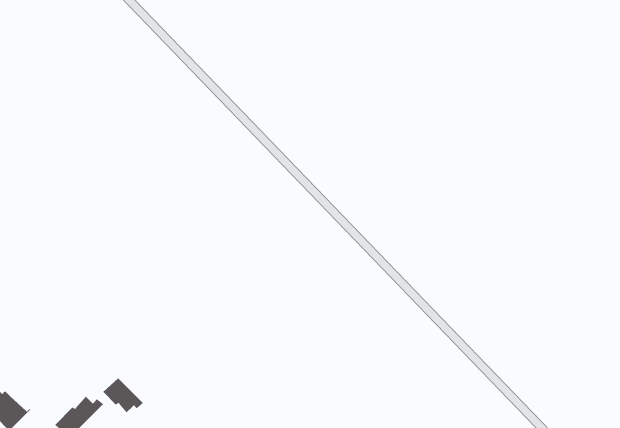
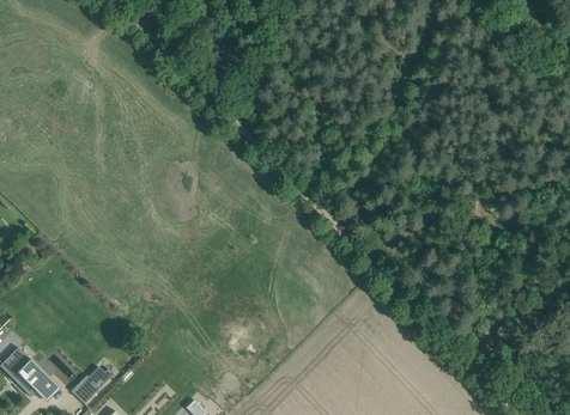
building: [102,377,144,413] -> none

